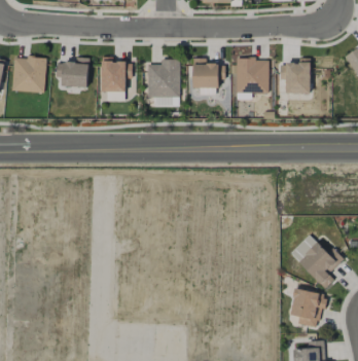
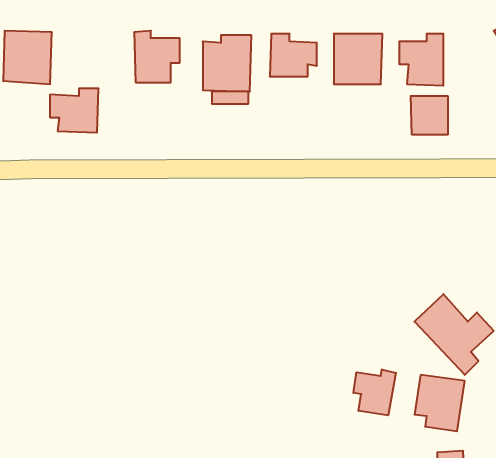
building: [56,58,88,87] -> [50,88,99,133]
building: none -> [411,96,448,135]
building: none -> [353,369,396,415]

